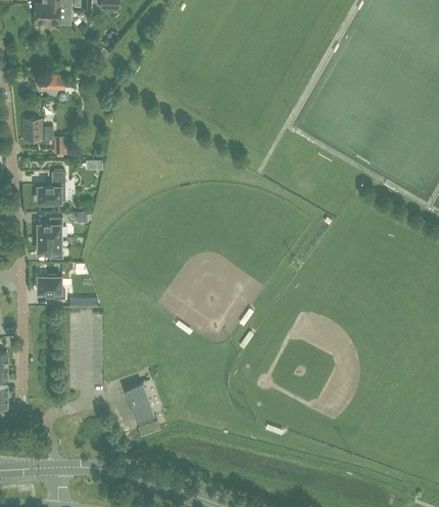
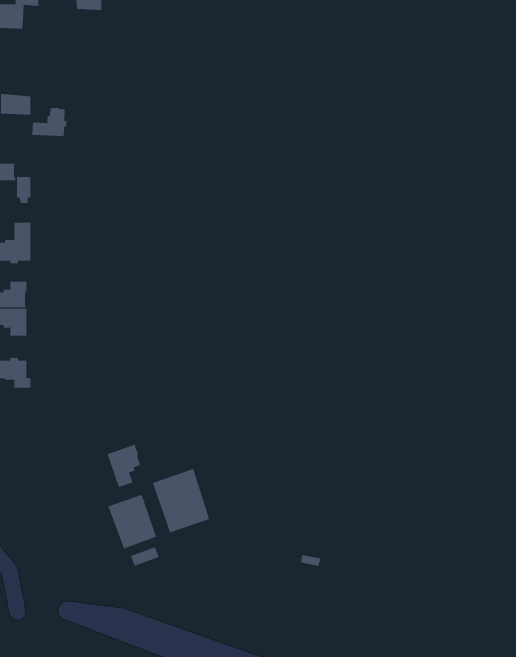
building: none -> [32,107,67,137]
building: none -> [107,444,141,488]
building: none -> [152,468,210,533]

